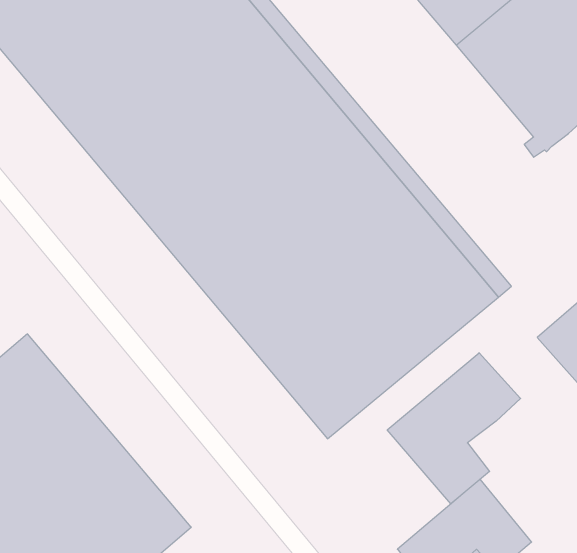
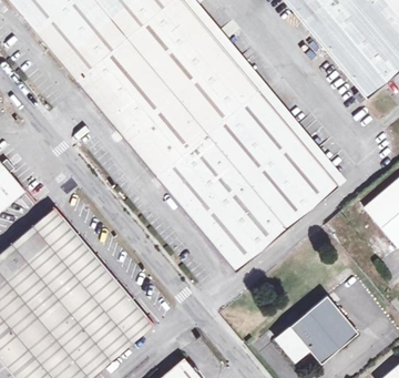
building: [387,353,521,504] -> none

